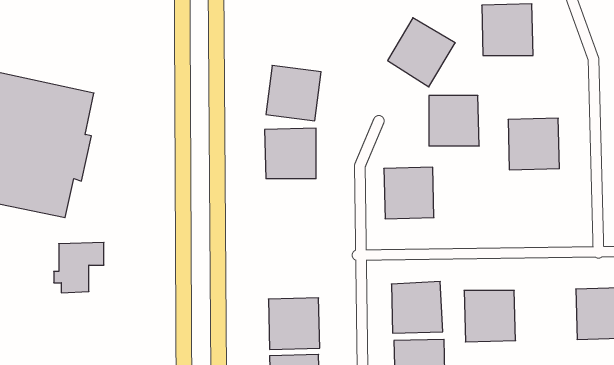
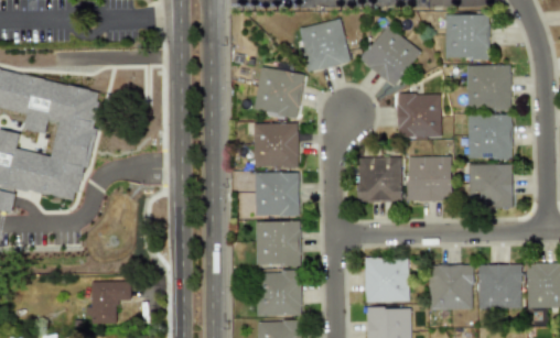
building: none -> [298,19,349,70]
building: none -> [465,64,511,108]
building: none -> [408,155,452,200]
building: none -> [466,164,511,206]
building: none -> [254,172,299,216]
building: none -> [255,220,300,265]
building: [54,242,104,293] -> [87,281,131,325]
building: none -> [477,264,521,308]

